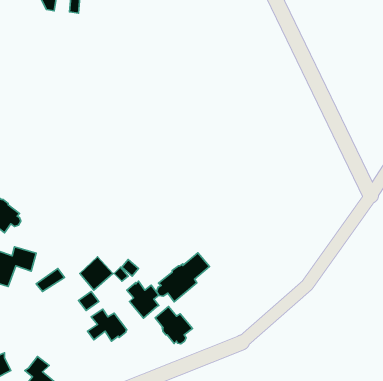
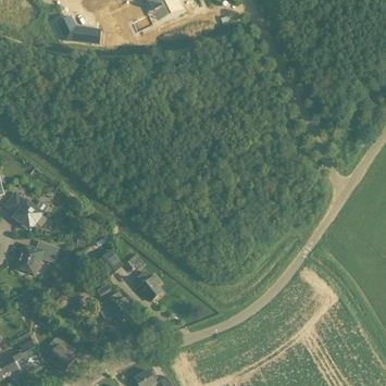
building: [156,253,210,302] -> none
building: [155,307,193,344] -> none

